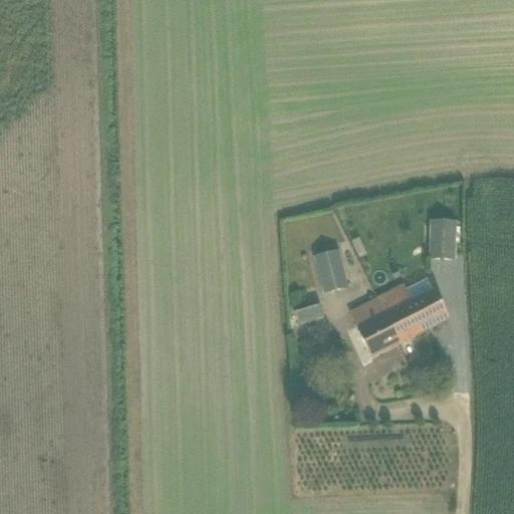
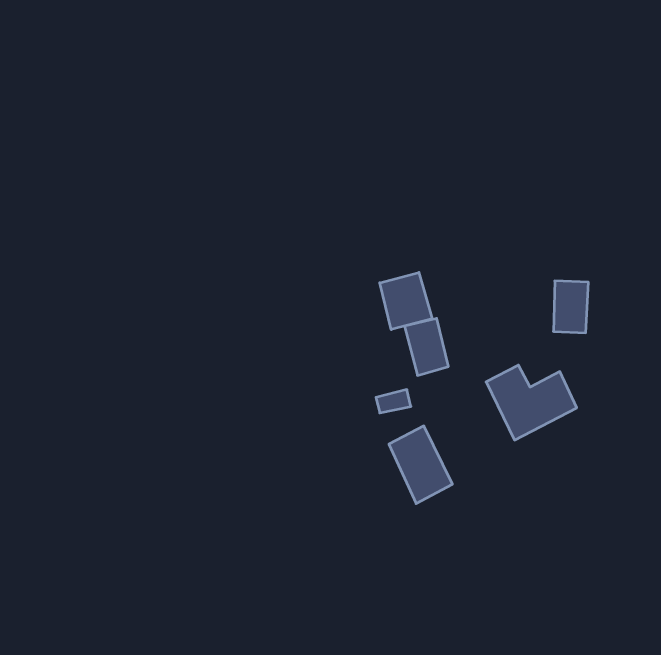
building: none -> [380,272,432,330]
building: [350,296,400,356] -> [389,426,452,504]

